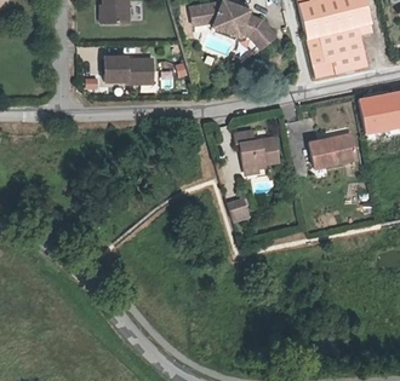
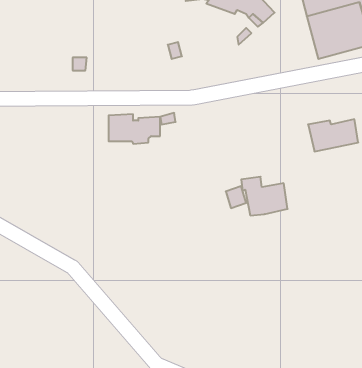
building: [105,56,154,83] -> [109,114,160,144]
building: [236,132,280,168] -> [241,177,288,215]

